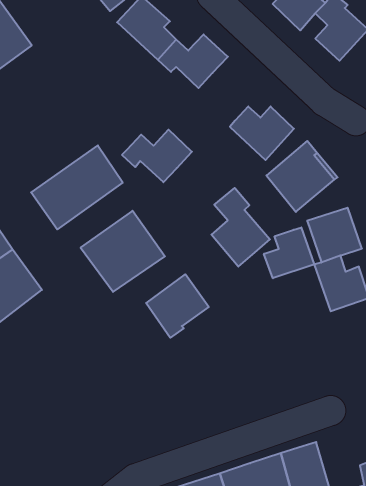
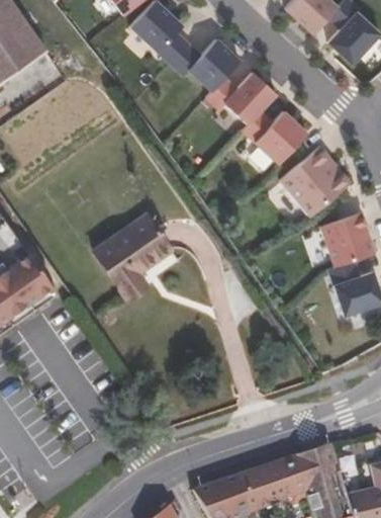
building: [122,130,192,182] -> [206,72,276,124]
building: [31,145,123,229] -> none
building: [211,188,270,267] -> none
building: [264,227,314,278] -> none
building: [146,274,209,338] -> none

